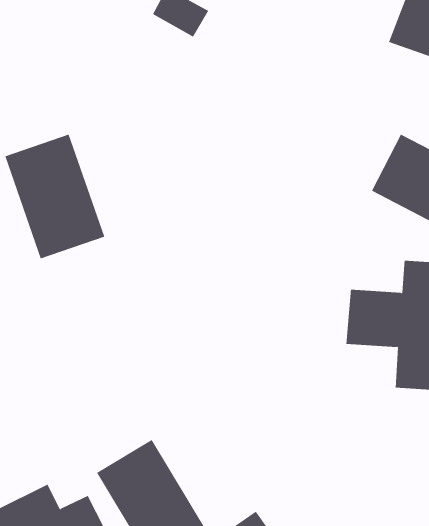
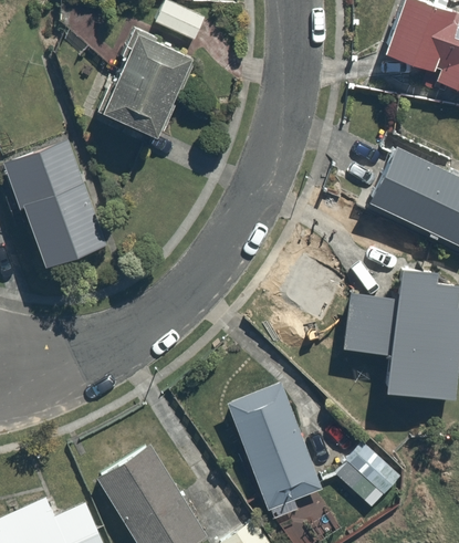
building: none -> [105,34,197,137]
building: none -> [226,378,326,509]
building: none -> [331,442,403,513]

